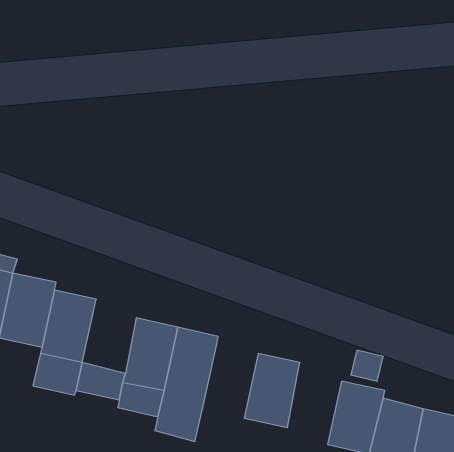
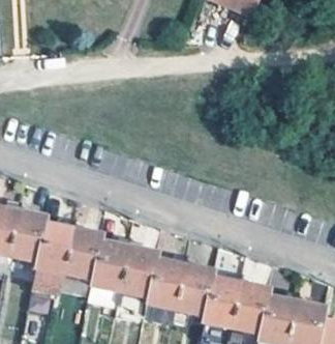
building: none -> [66,228,103,278]
building: none -> [147,259,184,308]
building: none -> [203,276,240,325]

